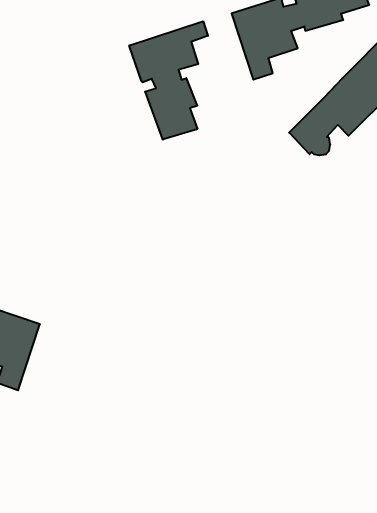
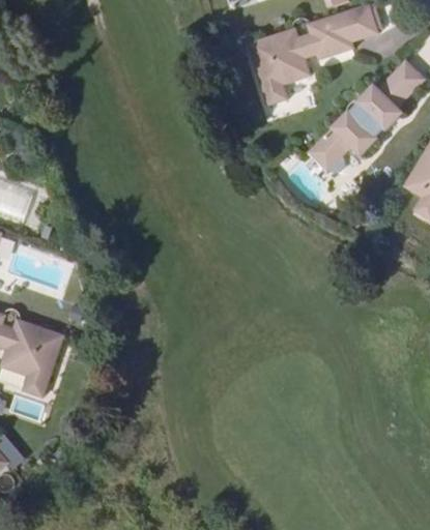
building: [129,21,208,140] -> none

